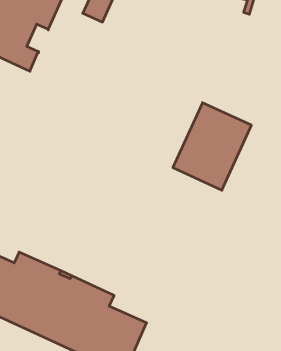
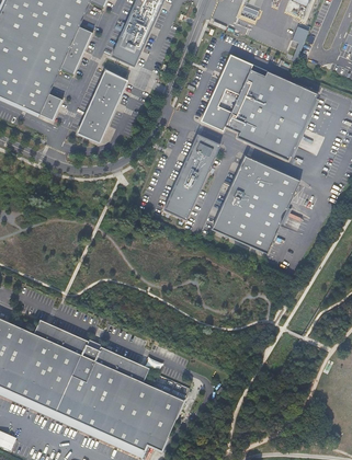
building: none -> [201,54,318,159]
building: none -> [77,70,127,142]
building: none -> [161,131,224,222]

